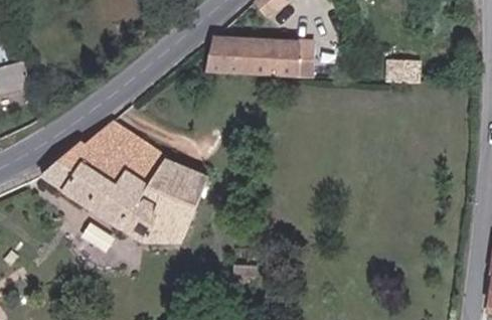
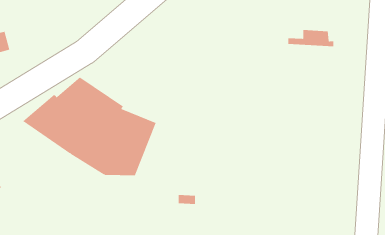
building: [205,39,298,76] -> none

